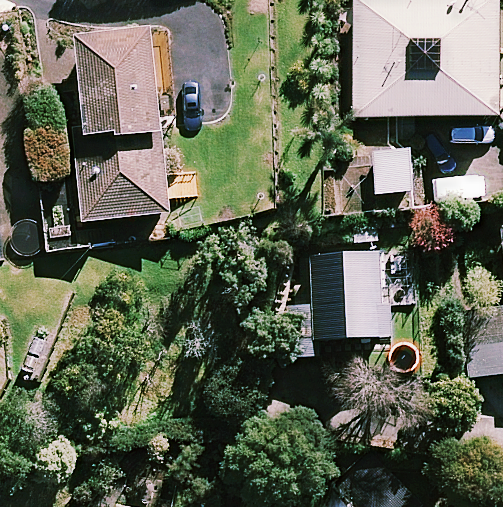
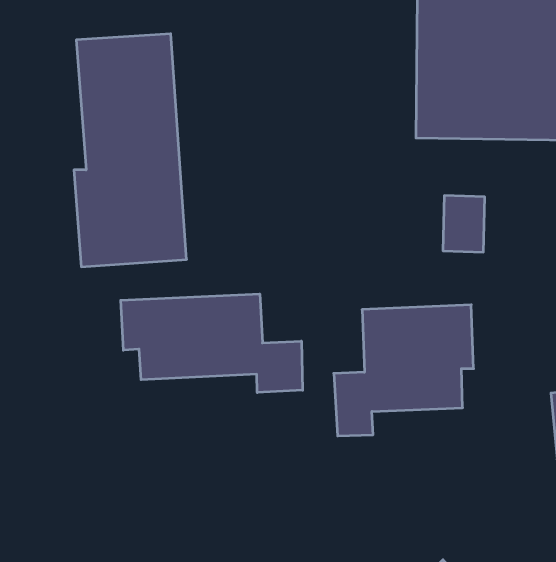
building: none -> [121,294,303,393]

